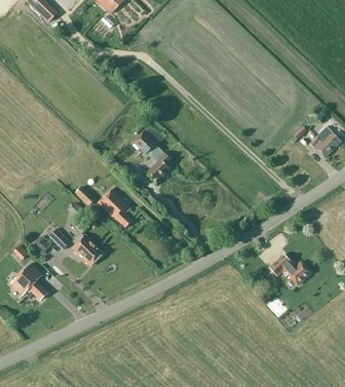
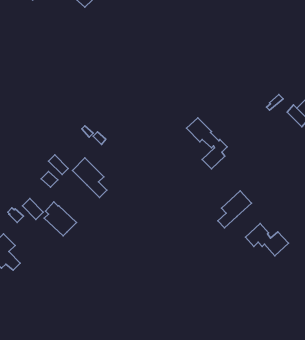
building: [131,129,171,180] -> [186,118,227,169]
building: none -> [218,191,251,228]

